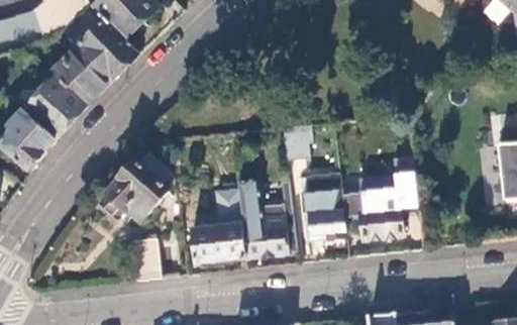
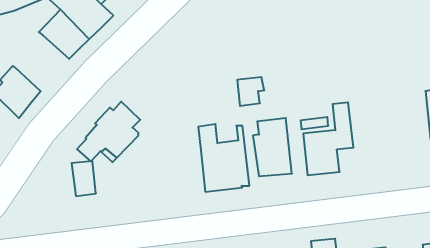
building: [23,76,86,140] -> none
building: [191,209,244,262] -> none
building: [131,238,160,279] -> [72,161,96,196]

